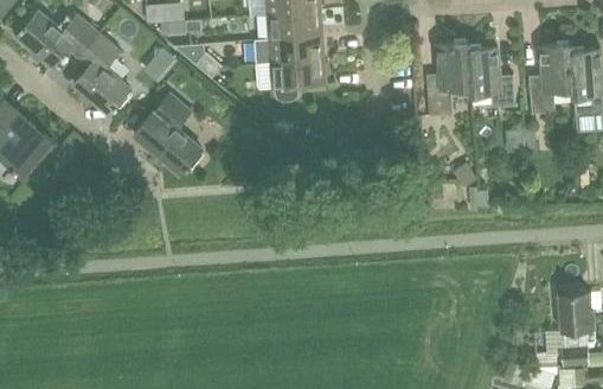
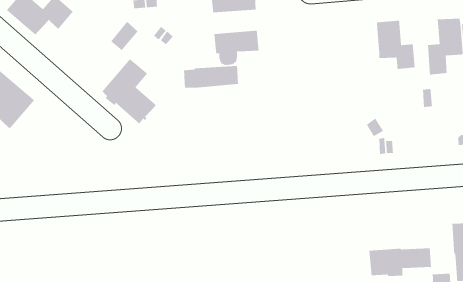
building: [255,33,322,62] -> [183,65,239,88]
building: [73,34,129,113] -> none
building: [425,40,469,114] -> none
building: none -> [369,247,432,277]

